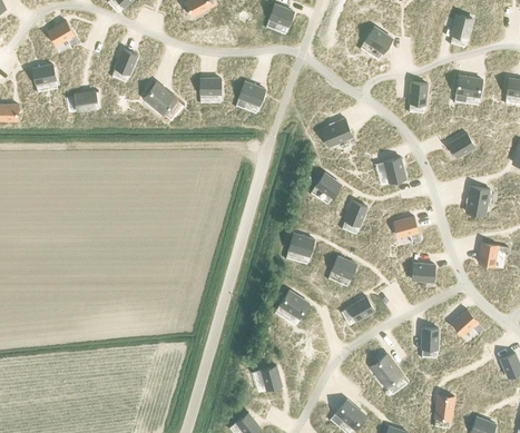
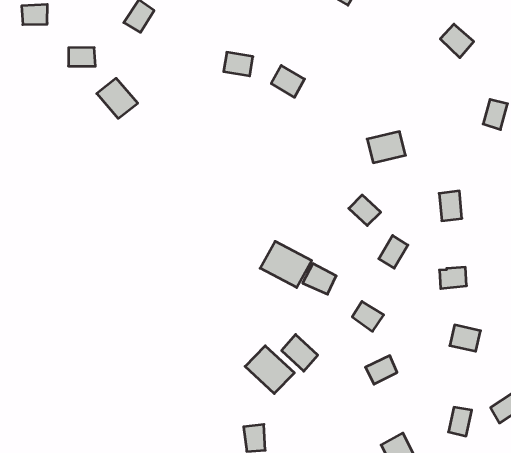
building: [141,82,175,114] -> [97,78,138,118]
building: none -> [260,241,312,288]
building: none -> [245,346,294,394]

